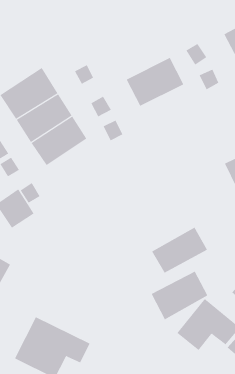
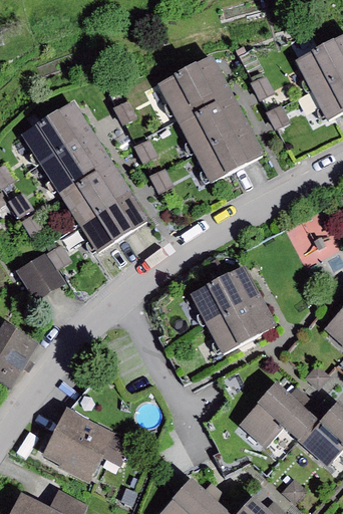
building: none -> [158,55,230,116]
building: none -> [193,122,263,182]
building: none -> [78,189,148,253]
building: [151,271,208,320] -> [190,266,260,326]

